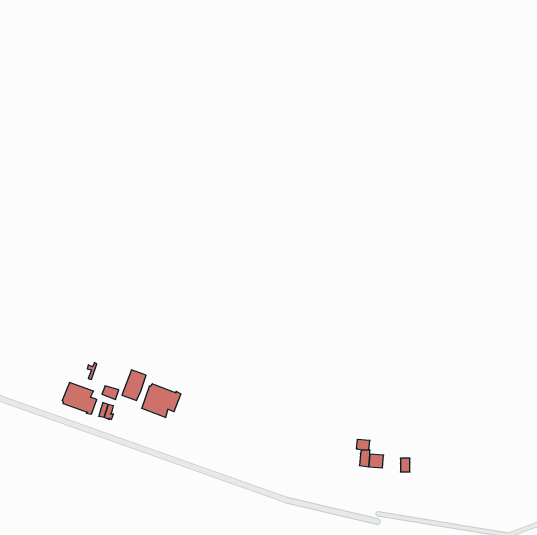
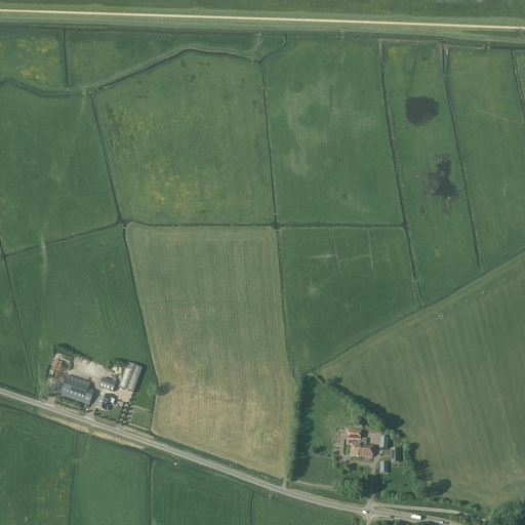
building: [142,384,181,418] -> none

